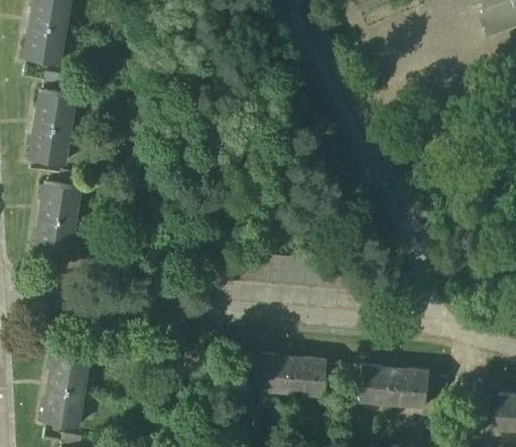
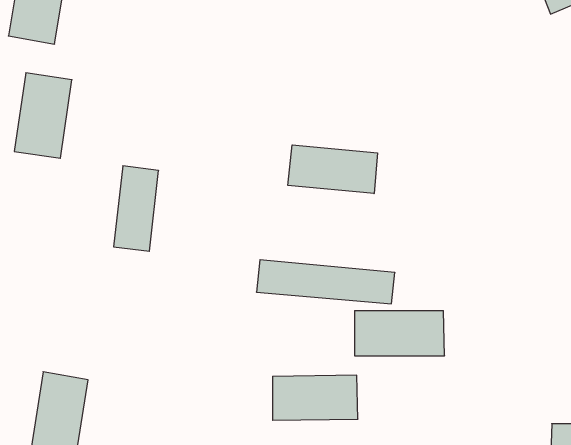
building: none -> [288,145,377,194]
building: [32,181,72,256] -> [114,166,159,251]
building: [356,366,434,406] -> [355,311,445,356]

